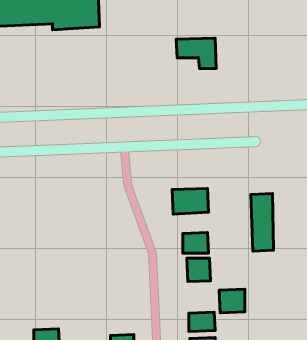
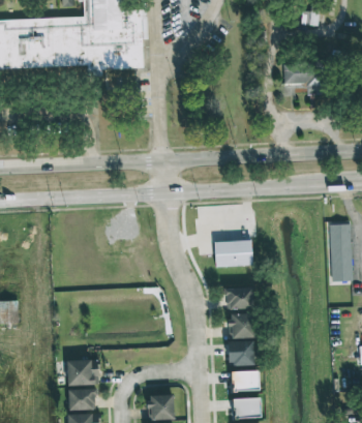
building: [176,38,216,69] -> [283,62,326,94]
building: [251,193,273,251] -> [328,220,352,281]
building: [219,289,245,313] -> [228,340,254,365]
building: none -> [67,359,98,385]

